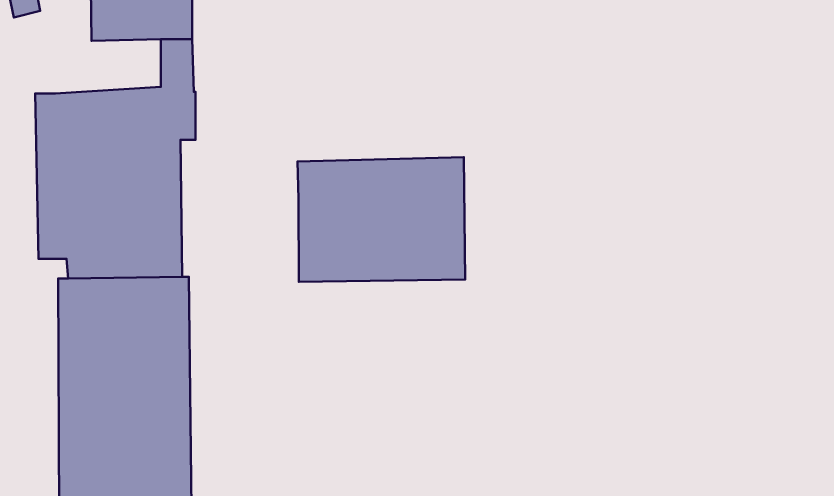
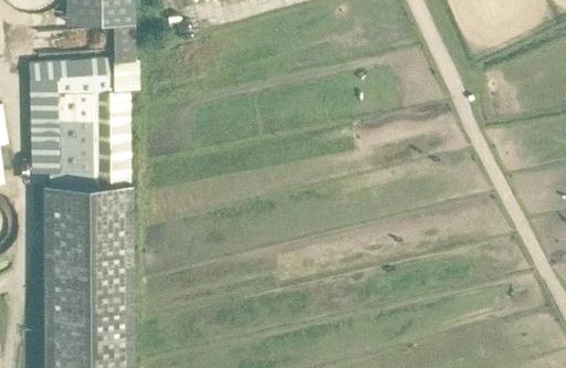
building: [298,157,465,282] -> none

